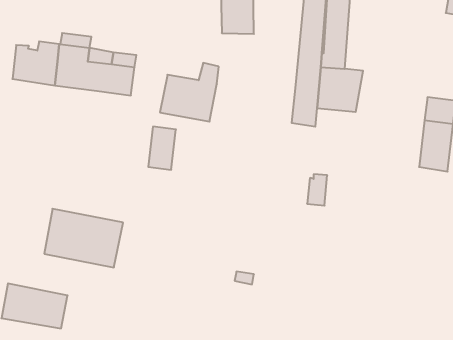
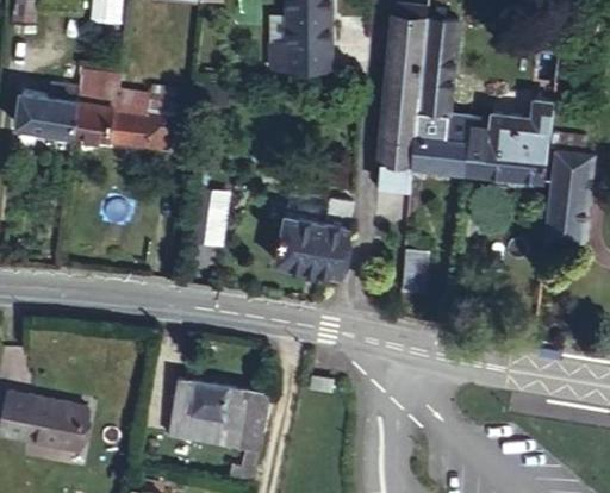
building: none -> [462,99,554,181]
building: [160,63,219,122] -> [275,200,351,276]
building: [44,209,123,267] -> [169,377,272,454]

